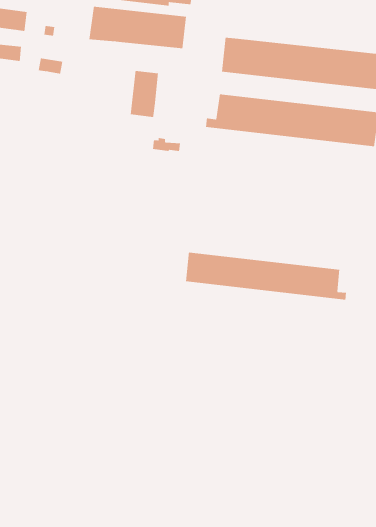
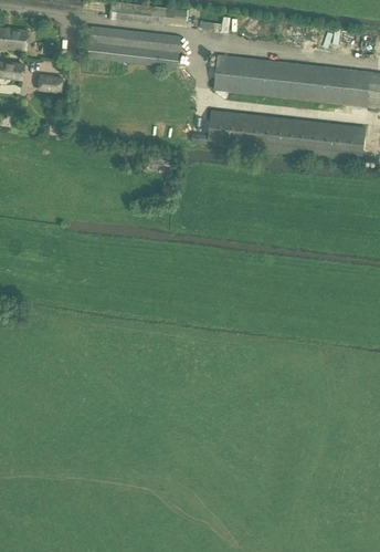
building: [130,70,158,118] -> none
building: [185,252,347,300] -> none

